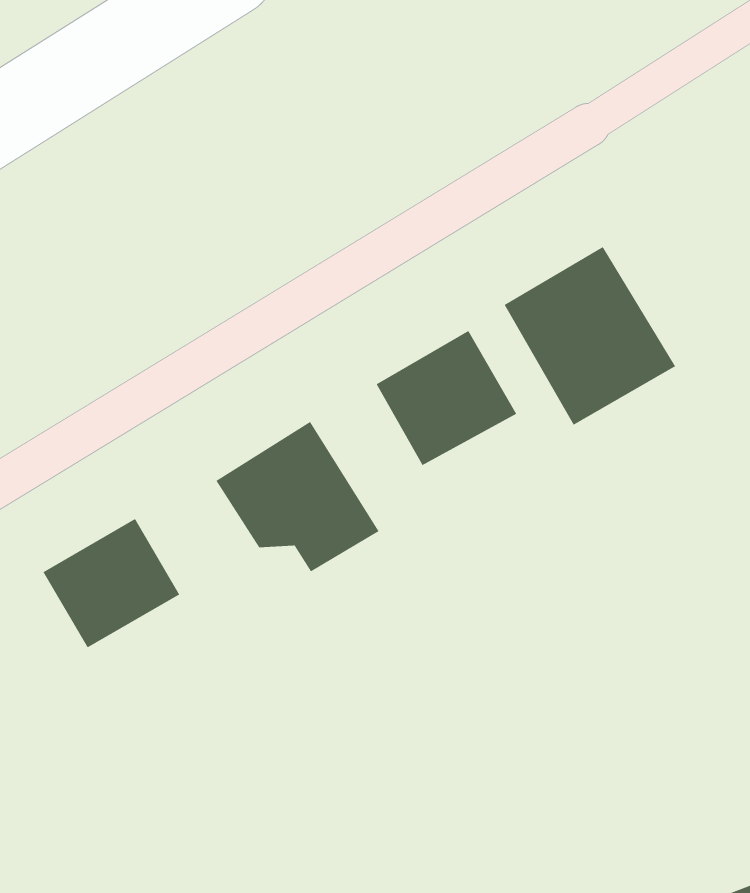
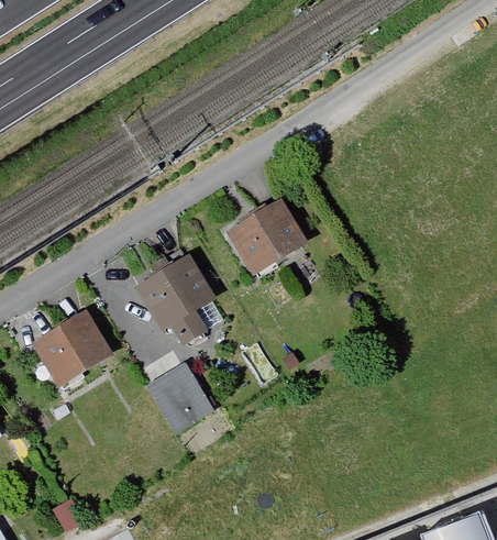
building: [504,246,676,426] -> none
building: none -> [146,361,213,433]

